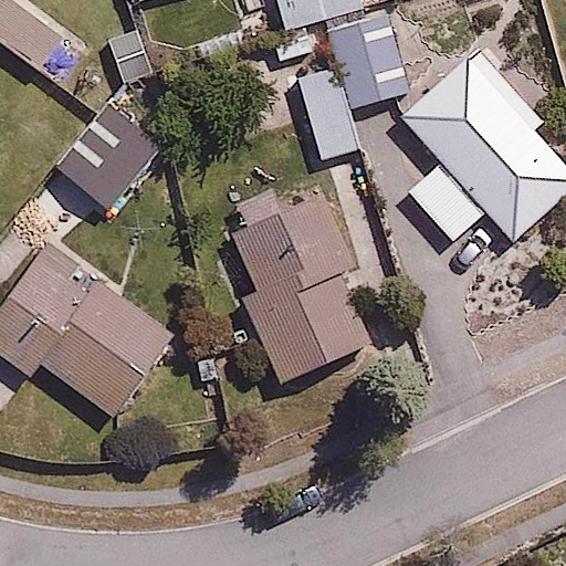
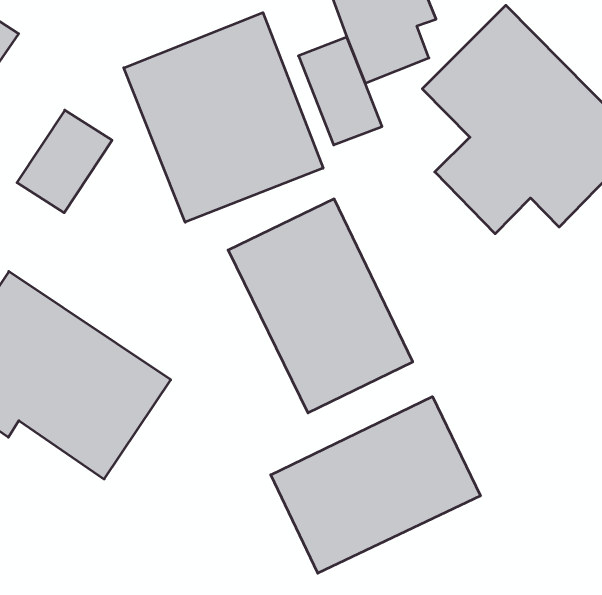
building: none -> [124,13,323,222]
building: none -> [271,397,480,573]

